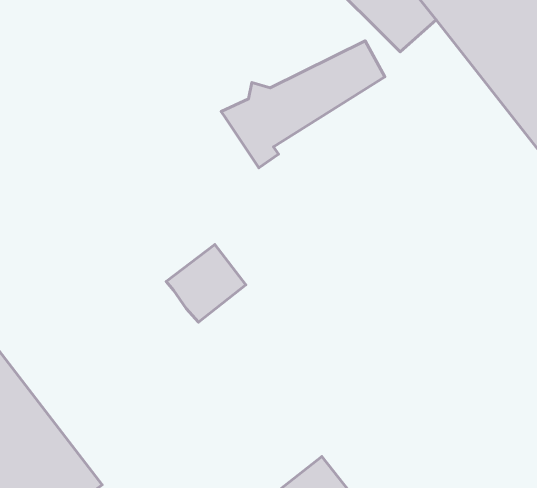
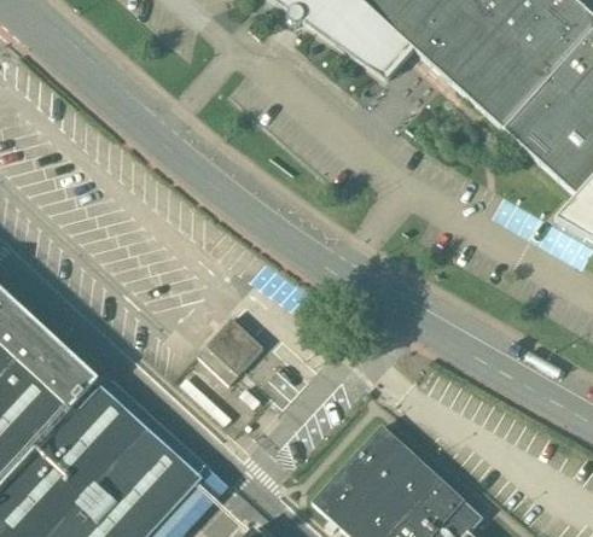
building: [221,41,385,168] -> none
building: [166,245,246,322] -> [200,320,267,386]

